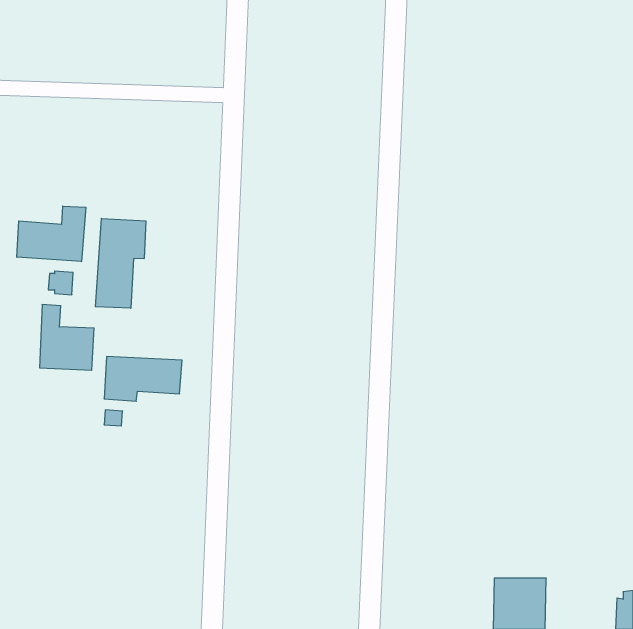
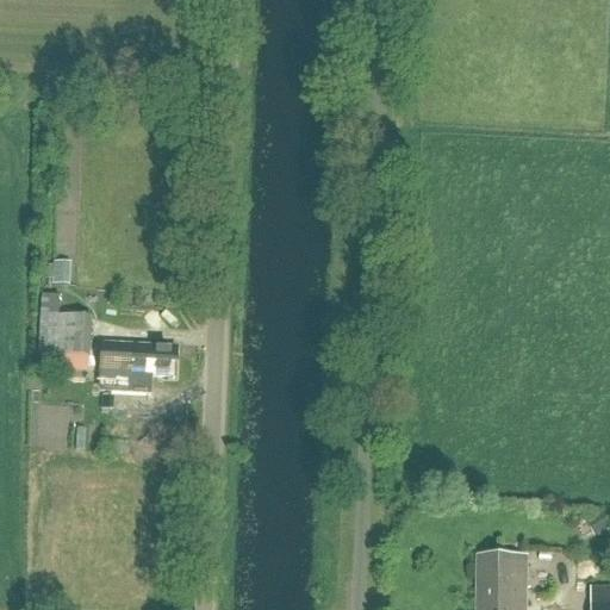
building: [17,206,86,262] -> none
building: [95,218,146,308] -> none

